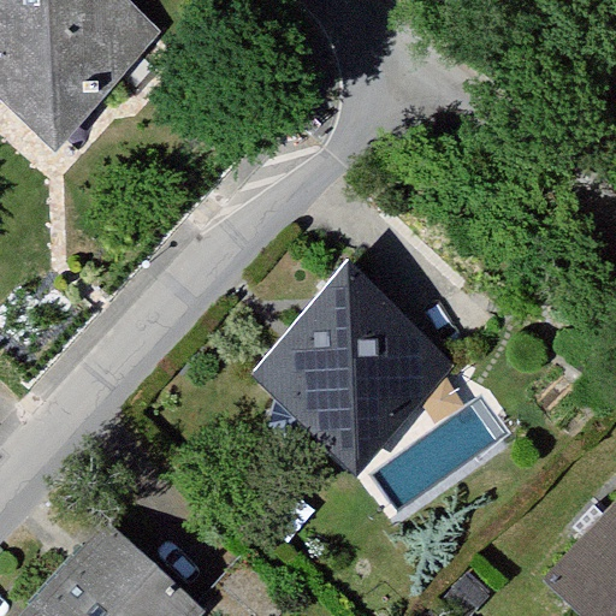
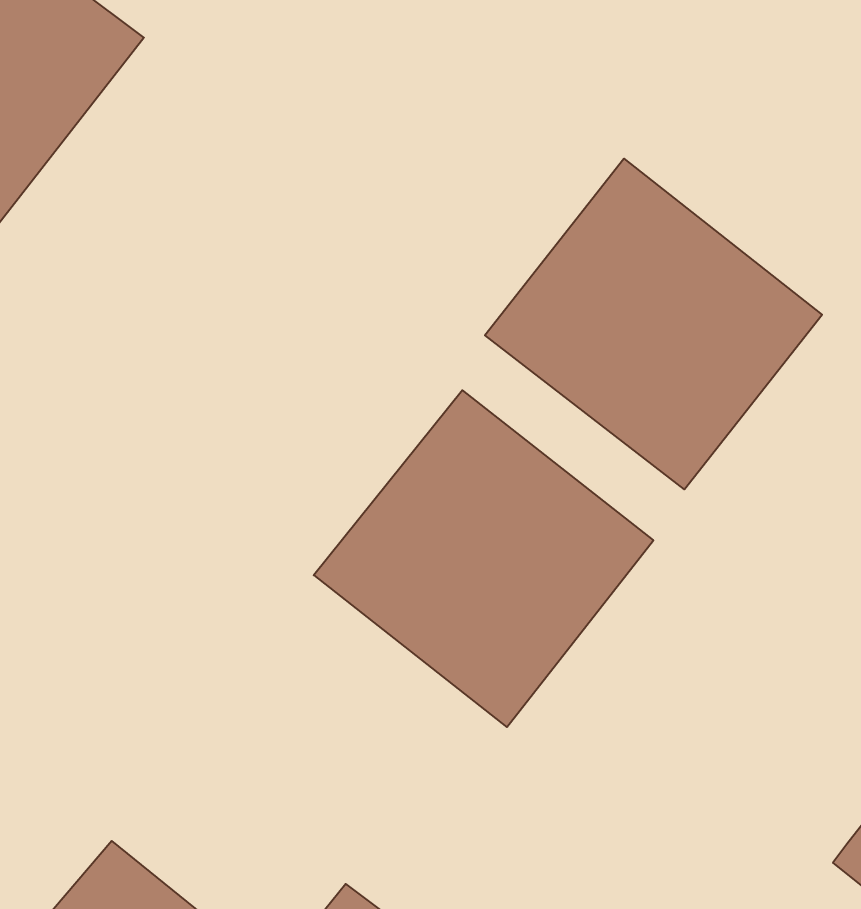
building: none -> [485,159,822,489]

